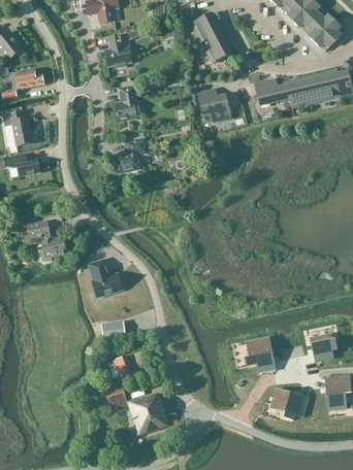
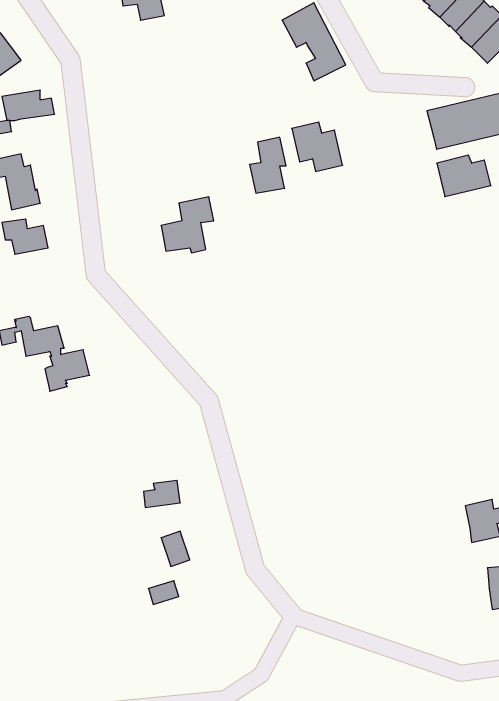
building: [105,34,132,67] -> none
building: [255,78,290,105] -> [437,155,491,197]
building: [115,85,138,121] -> [250,137,286,193]
building: [89,258,123,296] -> none
building: [245,337,275,372] -> none
building: [274,388,308,418] -> none
building: [126,392,168,434] -> none

